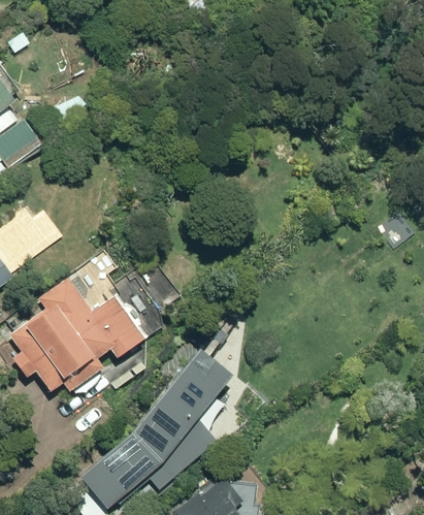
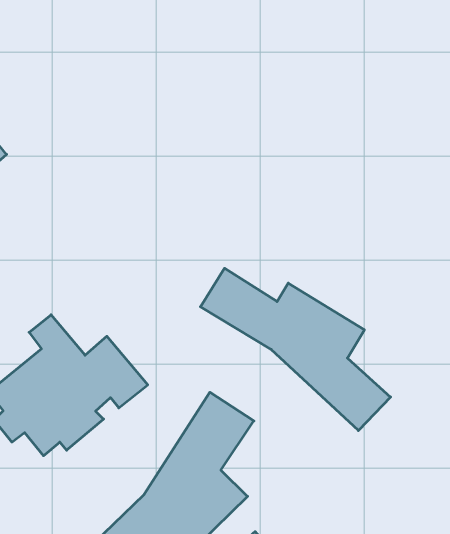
building: none -> [200,268,391,431]

